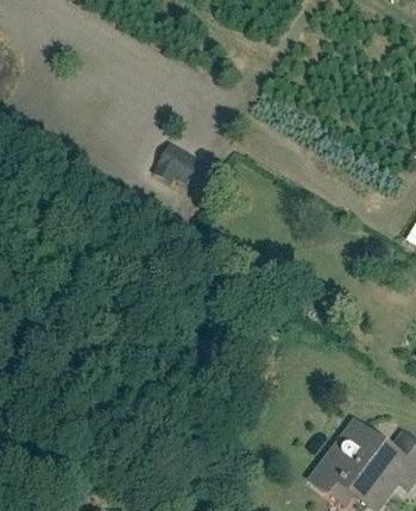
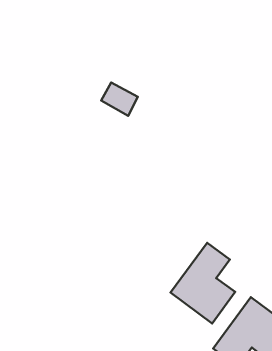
building: none -> [170,243,235,323]

